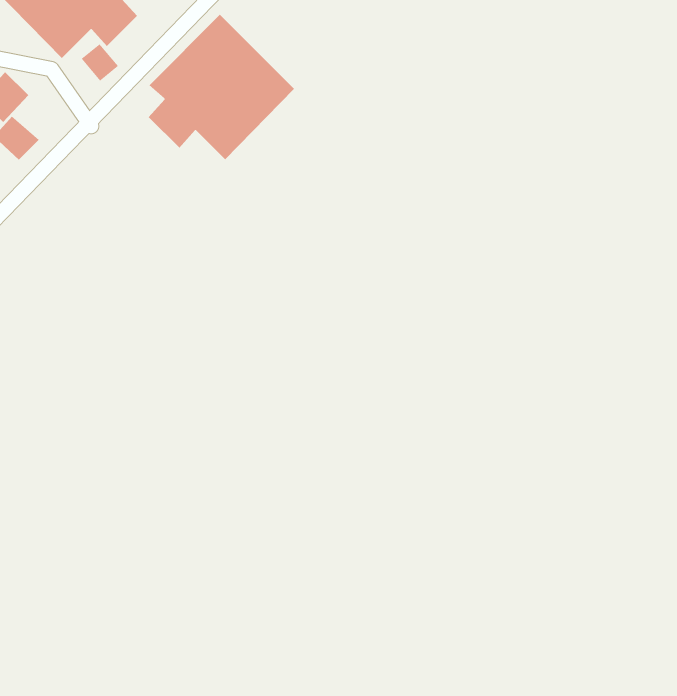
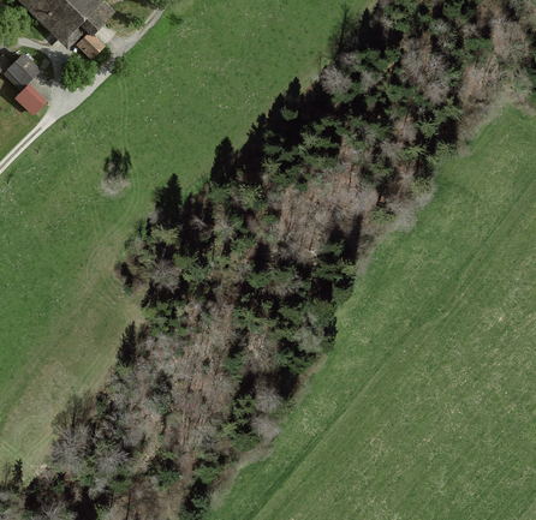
building: [148,14,295,160] -> none

